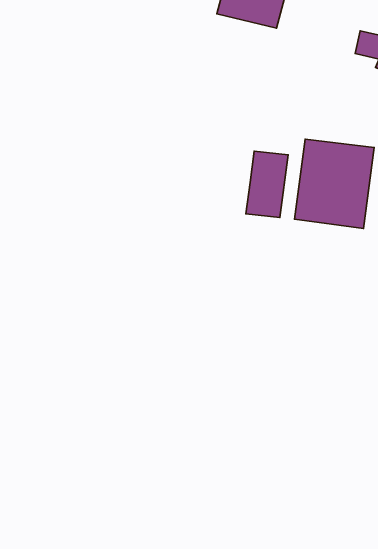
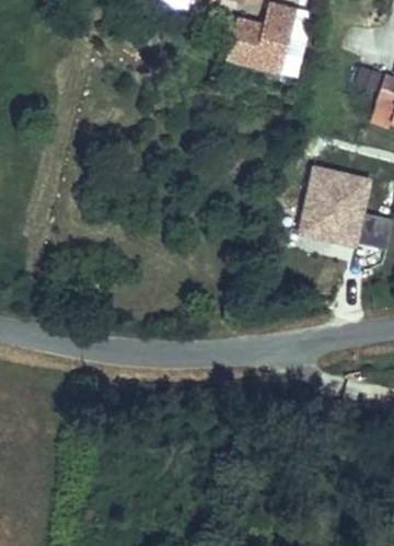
building: [246,151,288,217] -> none

